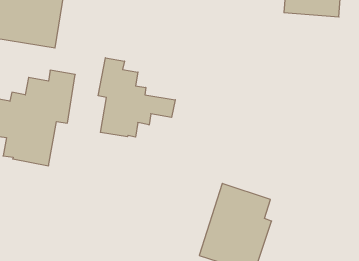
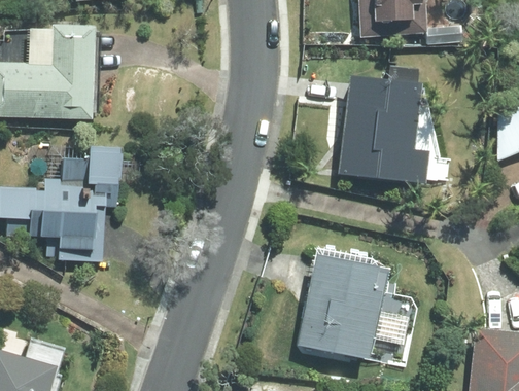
building: none -> [339,65,430,181]
building: [98,58,175,137] -> none

